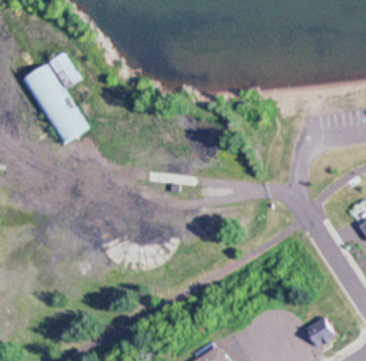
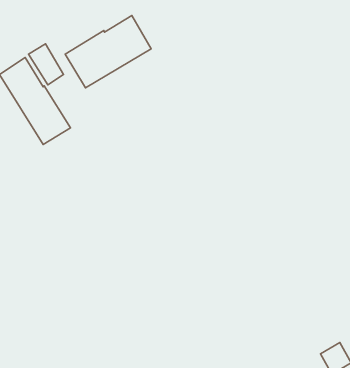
building: none -> [65,15,151,88]

